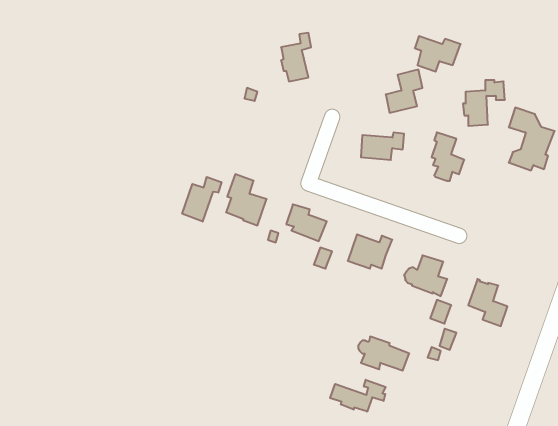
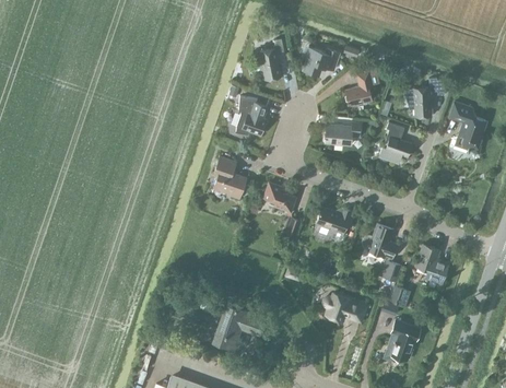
building: [415,36,461,72] -> [302,46,340,75]
building: none -> [235,94,268,136]
building: [182,177,221,222] -> none
building: none -> [212,304,266,351]
building: none -> [390,320,421,362]
building: [330,380,386,412] -> none

